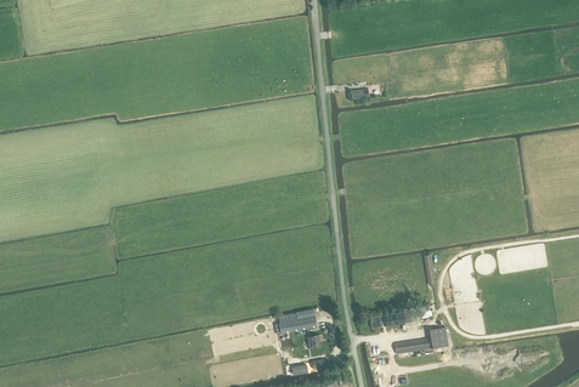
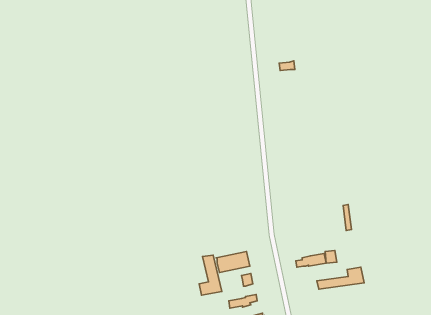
building: none -> [199,255,222,295]

